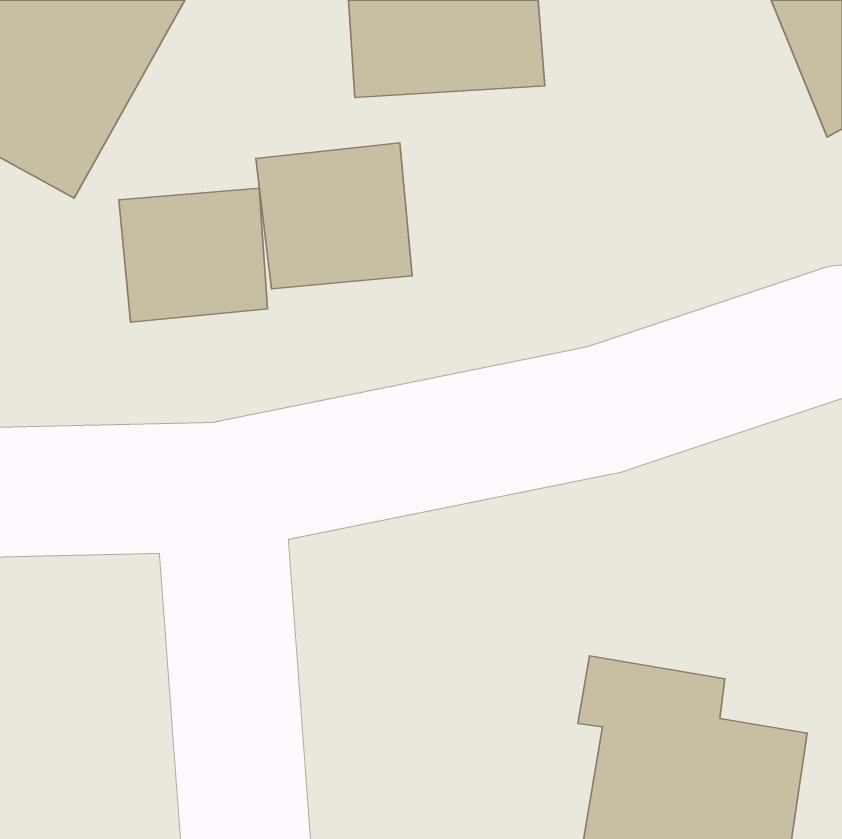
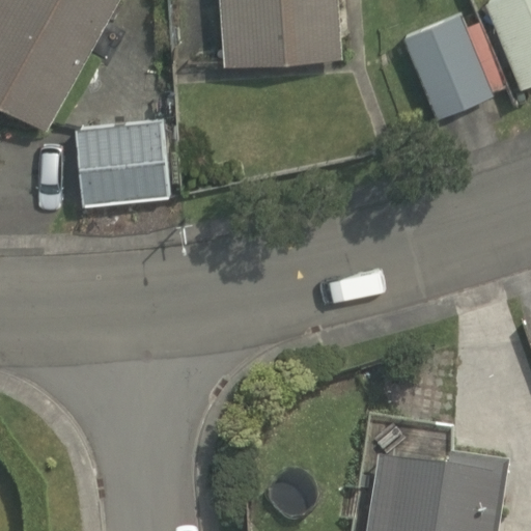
building: none -> [403,12,505,118]
building: [256,143,412,289] -> none

